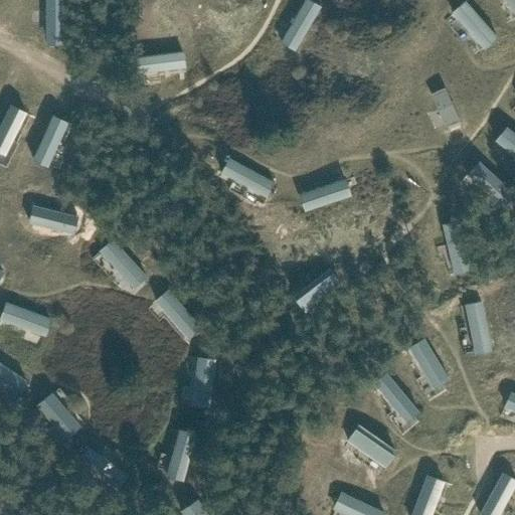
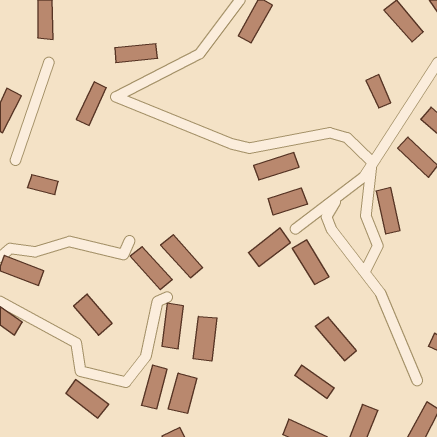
building: [32,117,67,168] -> [76,82,106,125]
building: [220,159,274,198] -> none
building: none -> [268,188,307,215]
building: [99,239,148,290] -> [161,235,203,278]
building: [466,302,493,356] -> none
building: [407,338,451,390] -> [292,240,329,284]
building: none -> [193,316,217,361]
building: [36,391,81,440] -> [74,294,112,335]
building: none -> [168,373,197,413]

